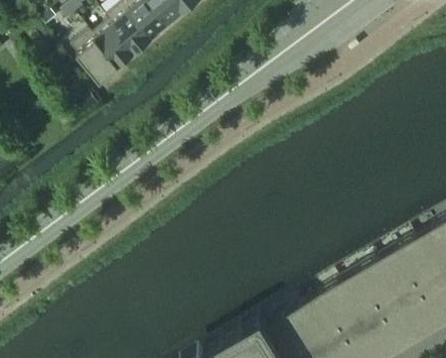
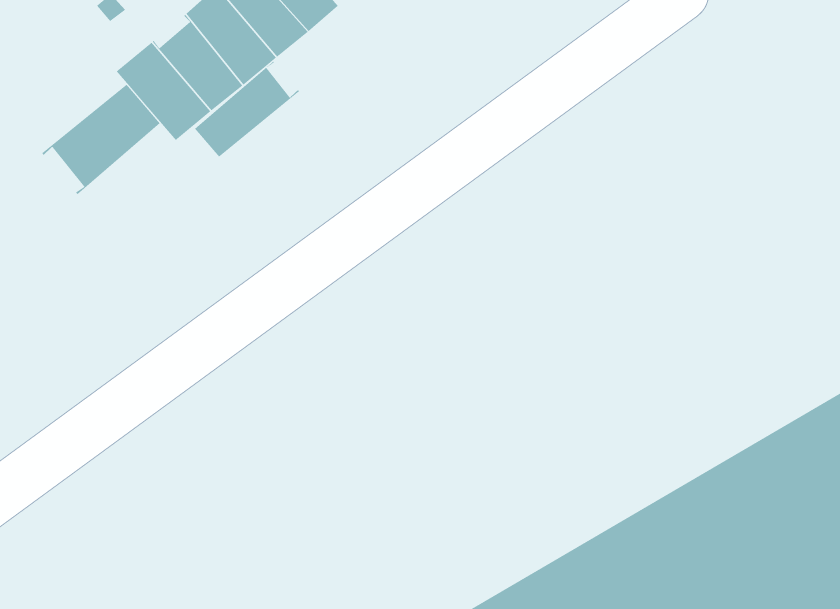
building: none -> [194,60,300,158]
building: none -> [41,84,160,195]

